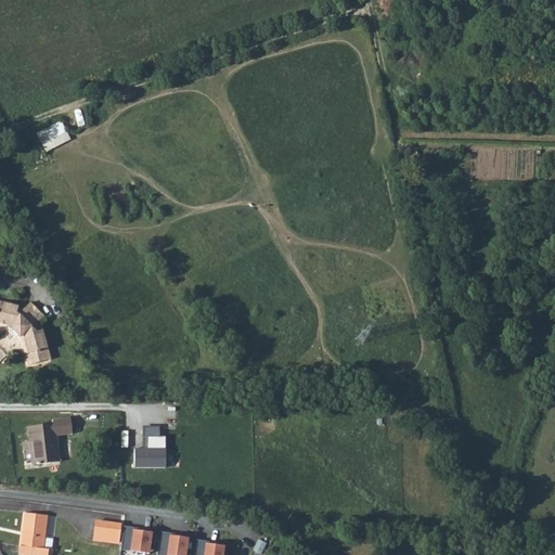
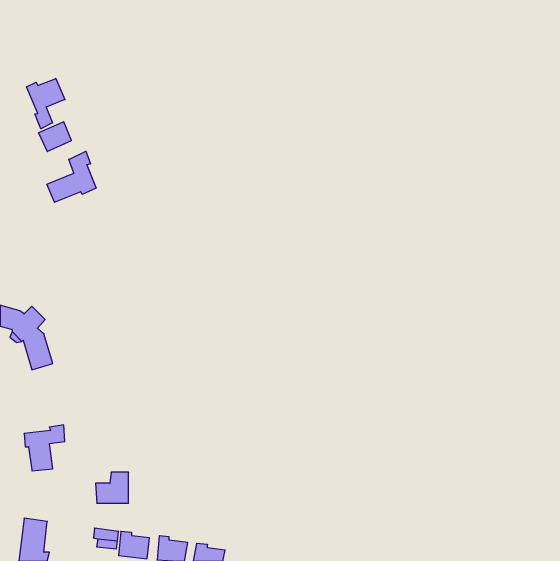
building: none -> [27,78,65,129]
building: none -> [47,151,96,202]
building: [134,437,167,467] -> [96,472,129,503]

